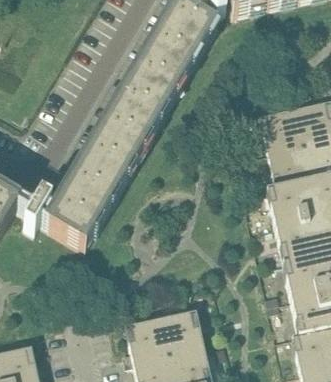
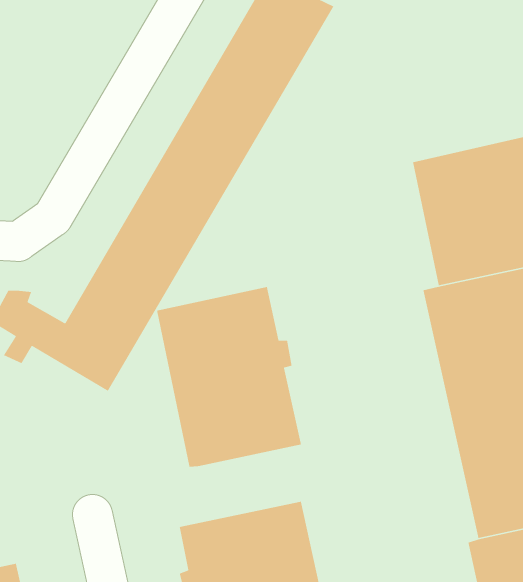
building: none -> [156,286,302,467]

